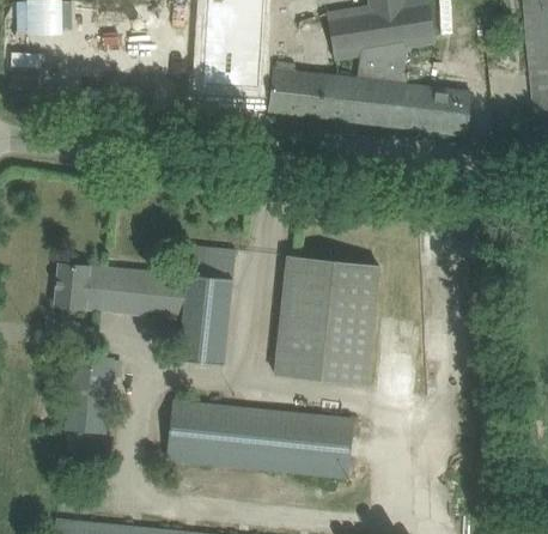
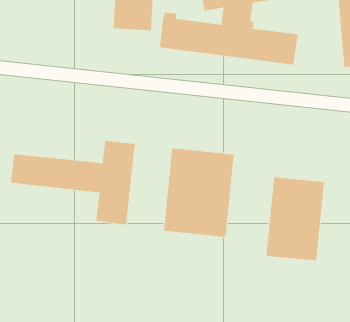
building: none -> [266,177,325,261]
building: [65,354,112,433] -> none
building: [166,400,355,479] -> none

